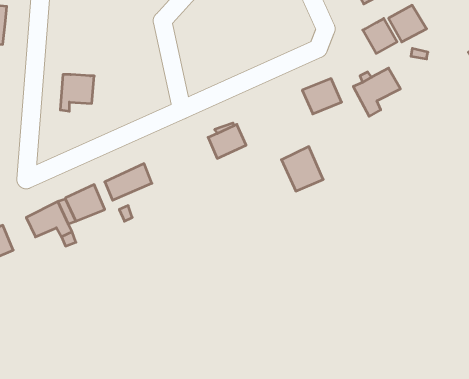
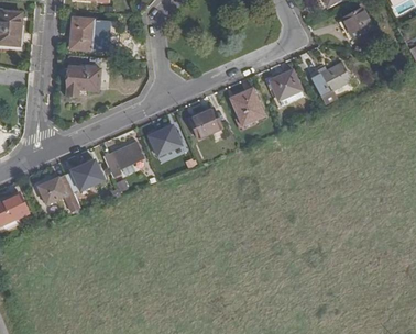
building: none -> [69,19,95,51]
building: [363,18,397,53] -> none
building: none -> [149,125,182,156]
building: [281,147,323,191] -> [230,88,265,125]

